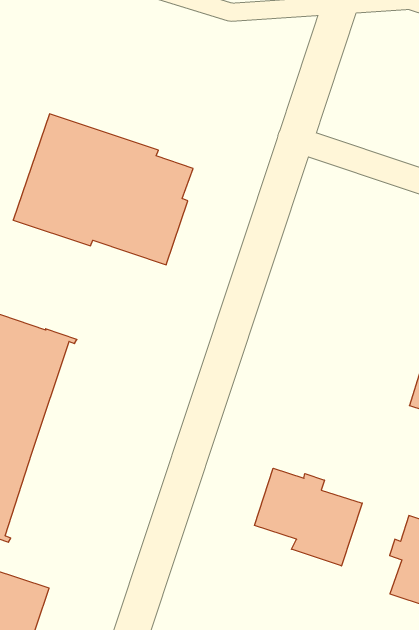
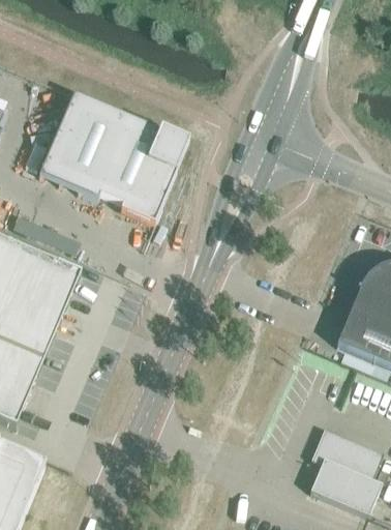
building: [254,468,362,566] -> none

